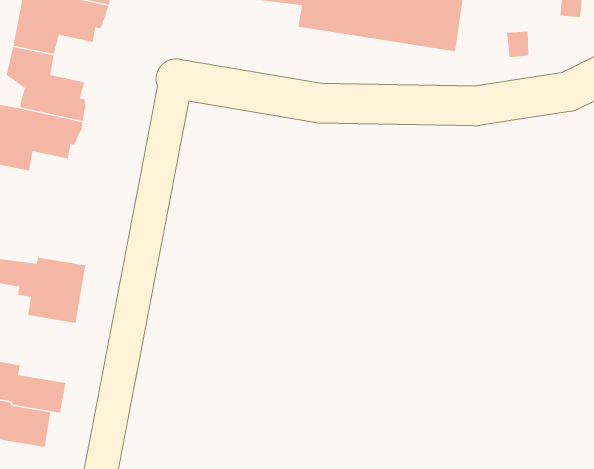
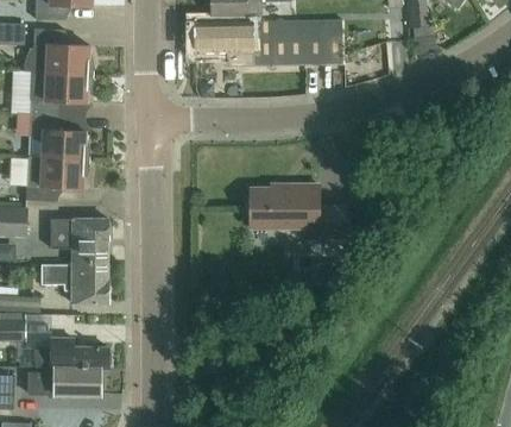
building: none -> [49,218,107,259]
building: none -> [250,183,337,237]

